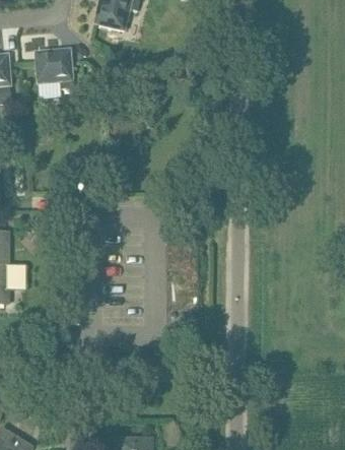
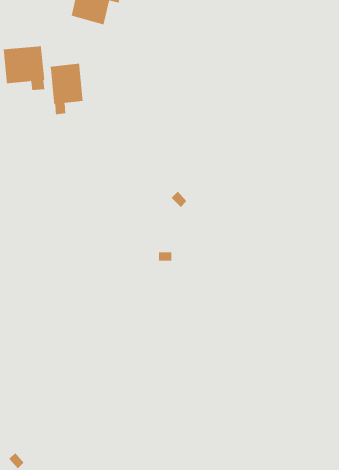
building: none -> [50,63,83,115]

